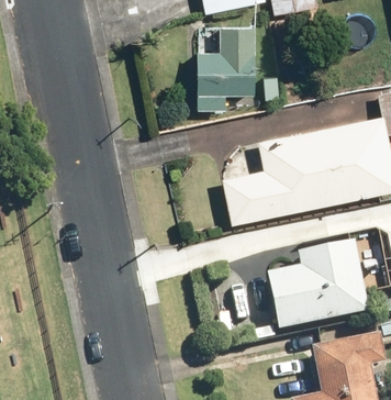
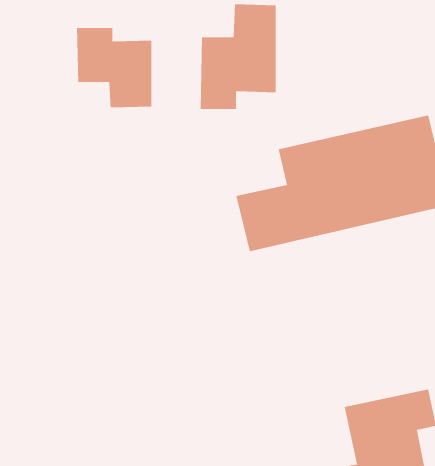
building: none -> [77,27,152,108]
building: [246,241,369,330] -> none

